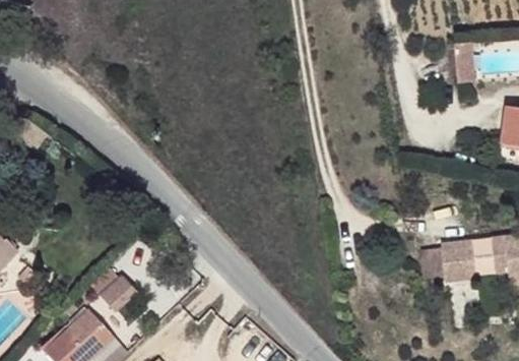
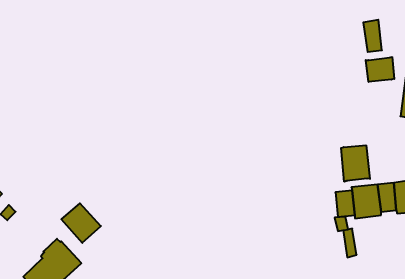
building: none -> [366,57,394,82]
building: none -> [341,145,370,182]

